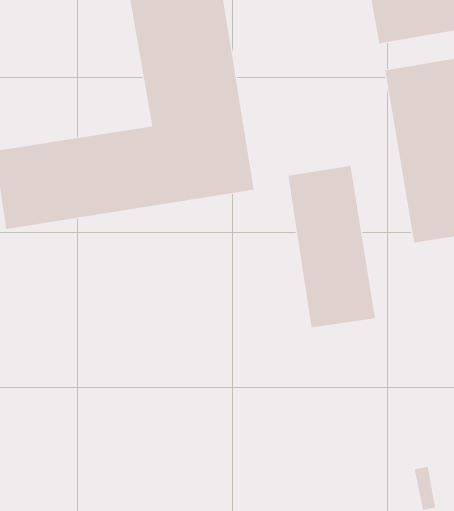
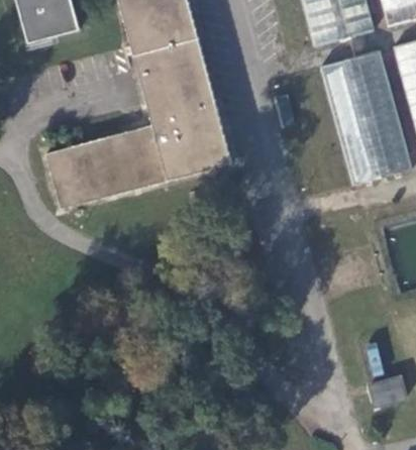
building: [288,165,375,328] -> none

